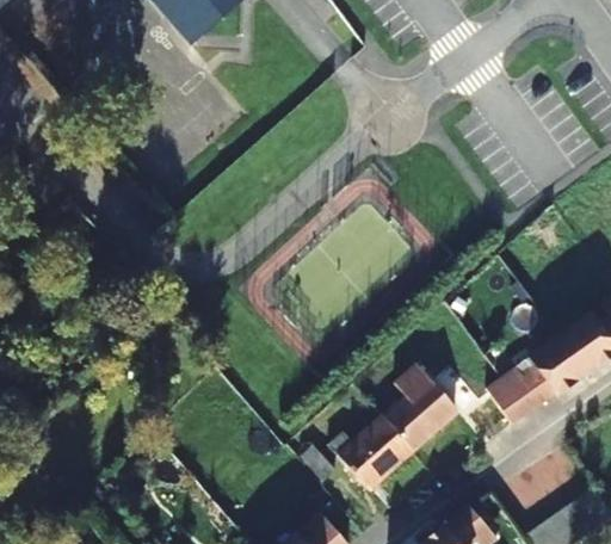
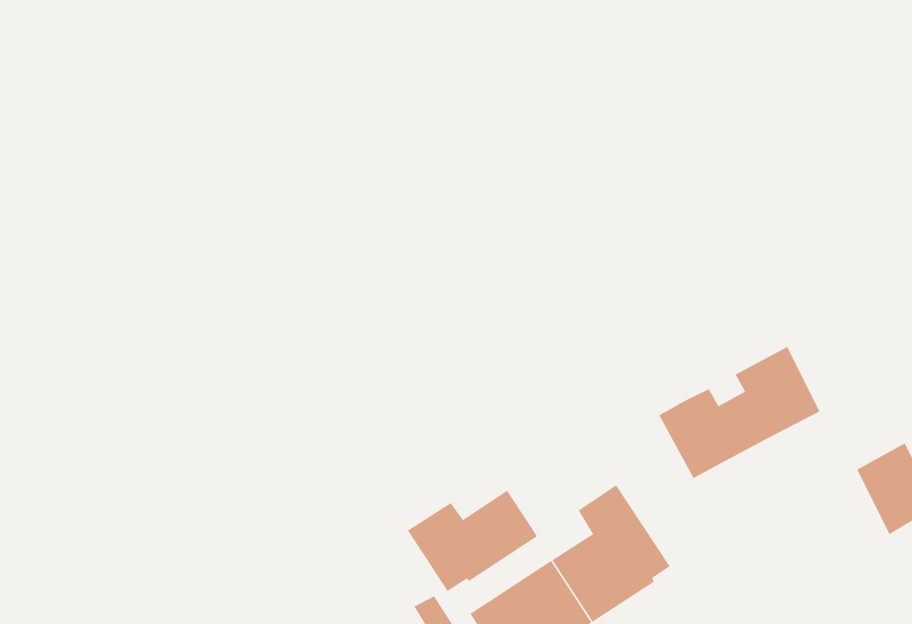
building: [488,335,586,424] -> [658,346,820,479]
building: none -> [407,490,538,592]

